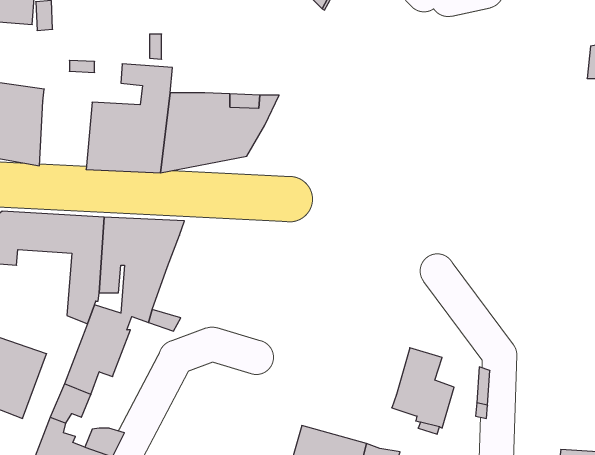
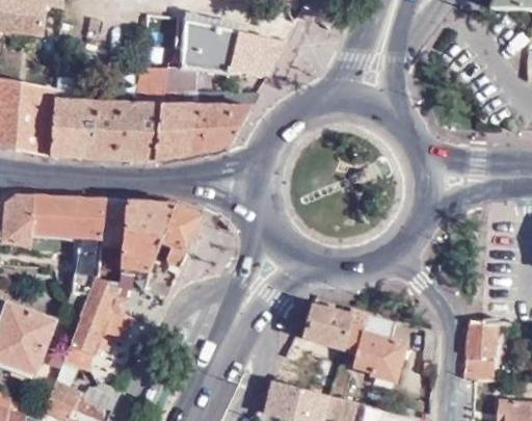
building: none -> [161,19,282,91]
building: none -> [48,99,94,158]
building: none -> [159,203,202,269]
building: none -> [307,297,369,353]
building: none -> [467,323,496,359]

